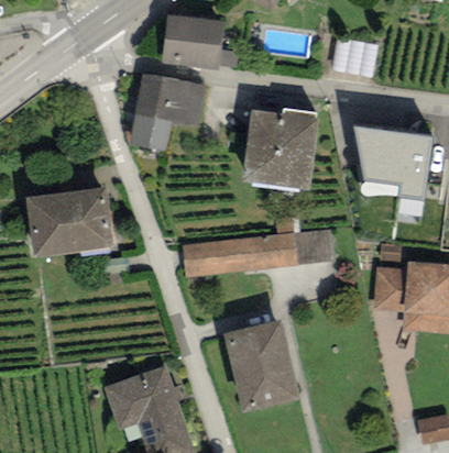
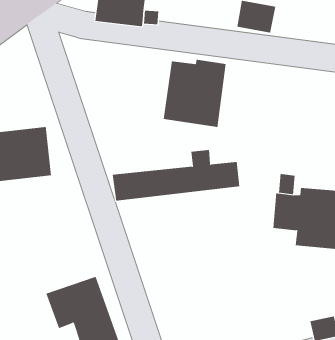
building: [129,73,205,151] -> none
building: [353,125,431,198] -> none
building: [222,320,300,412] -> none

